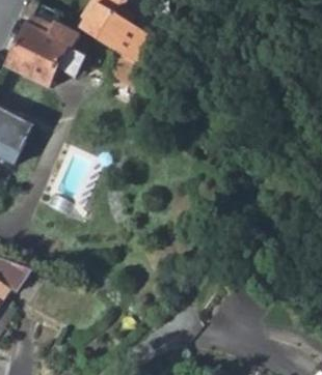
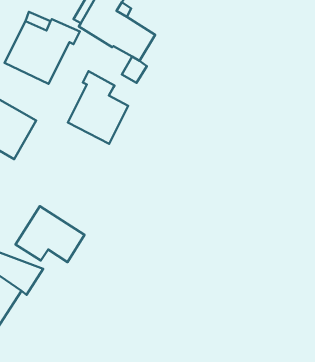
building: none -> [68,71,128,144]
building: none -> [15,206,85,262]

